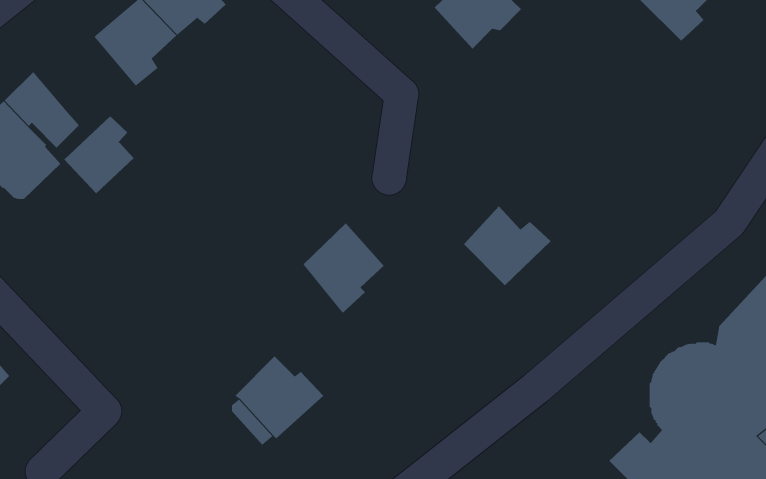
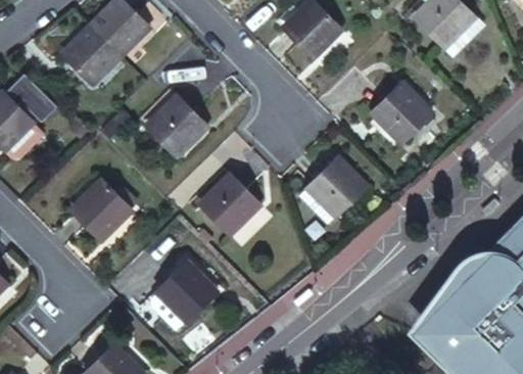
building: none -> [376,86,433,139]
building: none -> [153,99,207,157]
building: [63,115,135,194] -> none
building: none -> [77,187,134,240]

